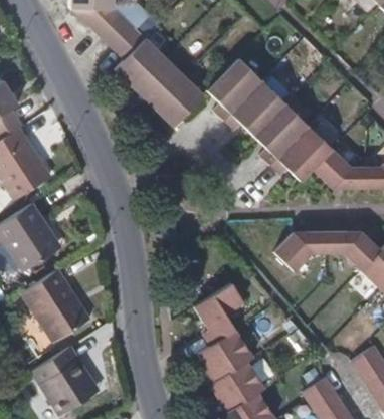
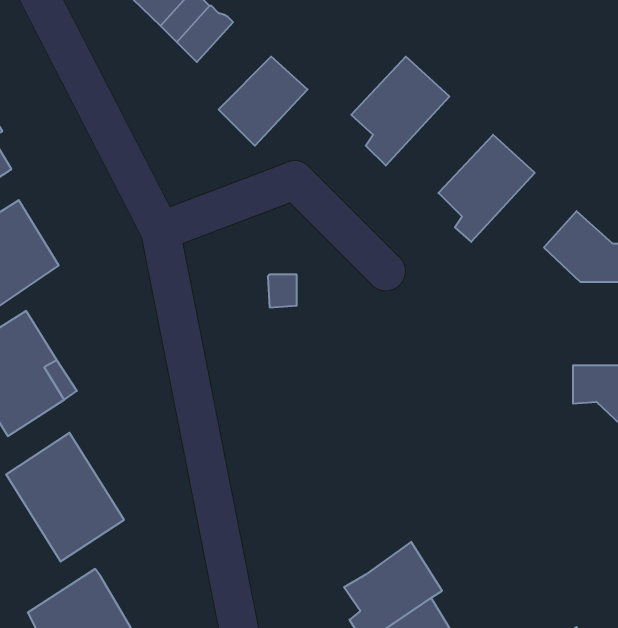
building: [117,43,165,91] -> none
building: [156,80,205,131] -> none
building: [228,84,287,138] -> none
building: [275,127,334,180] -> none
building: [276,233,332,273] -> none
building: [200,284,249,349] -> none

